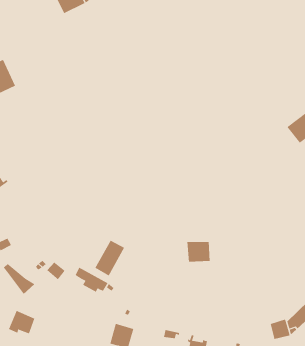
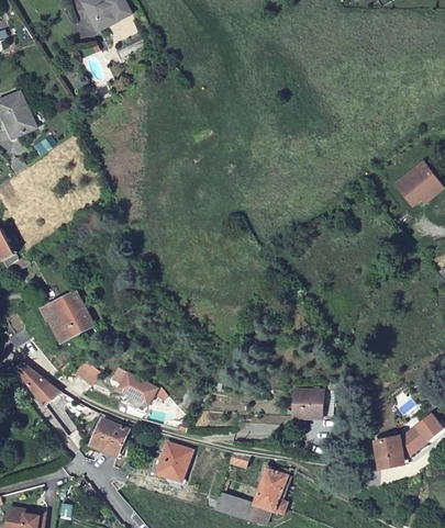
building: none -> [45,293,94,344]
building: [95,240,125,276] -> none
building: [186,241,210,262] -> [290,392,322,419]
building: [8,310,35,334] -> [90,419,126,451]

